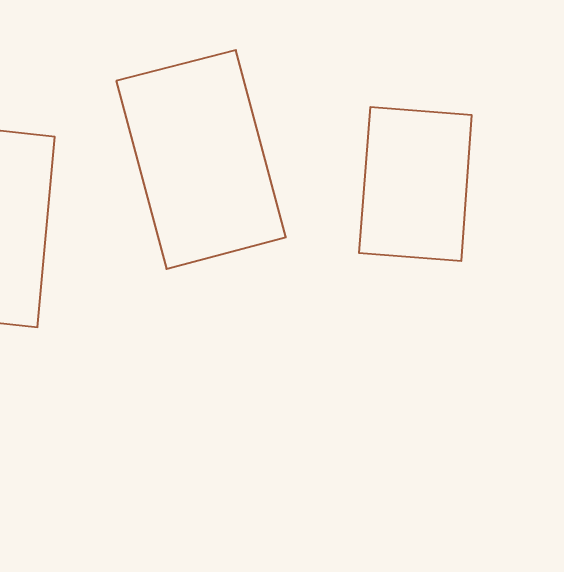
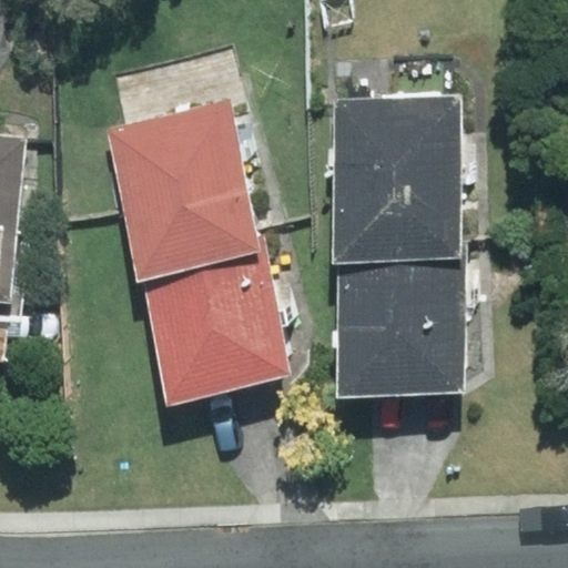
building: none -> [164,271,318,407]
building: none -> [353,286,499,395]

